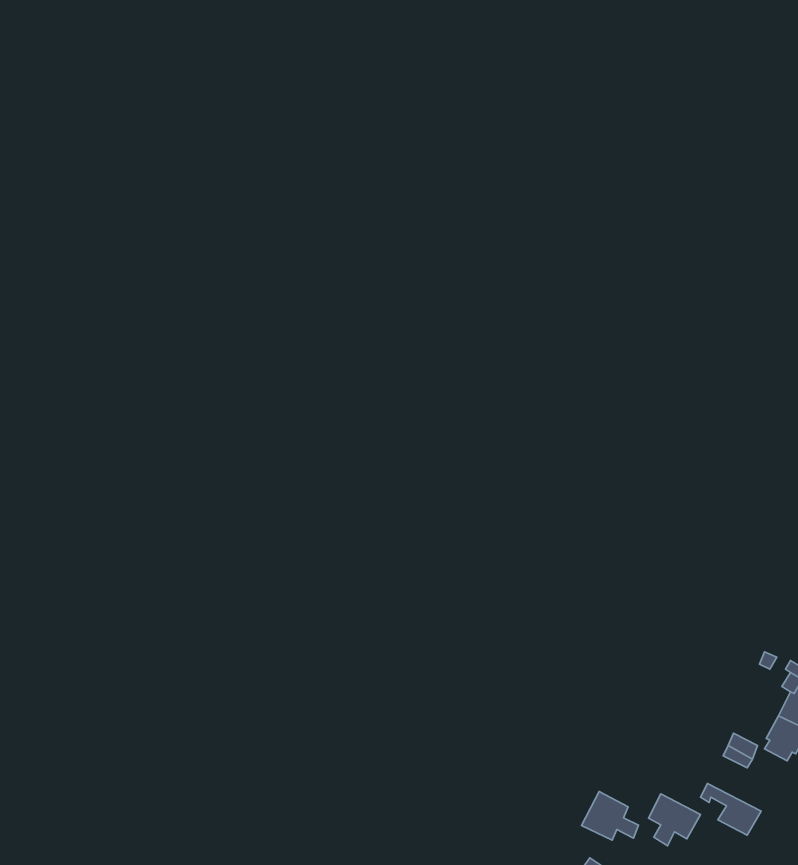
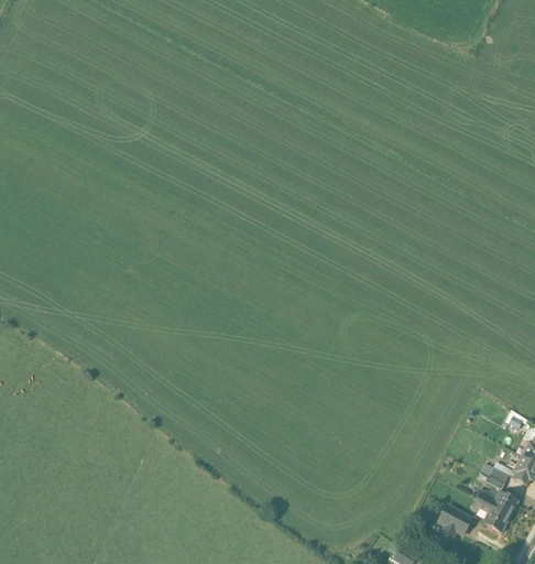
building: none -> [476,489,517,517]
building: [582,791,639,840] -> none

